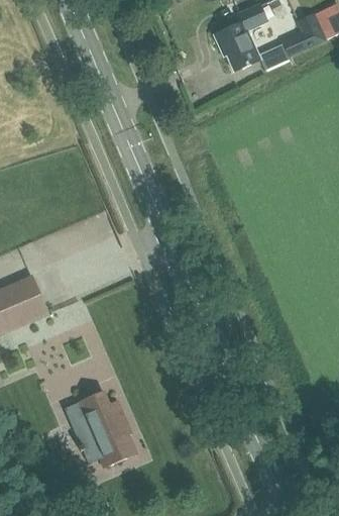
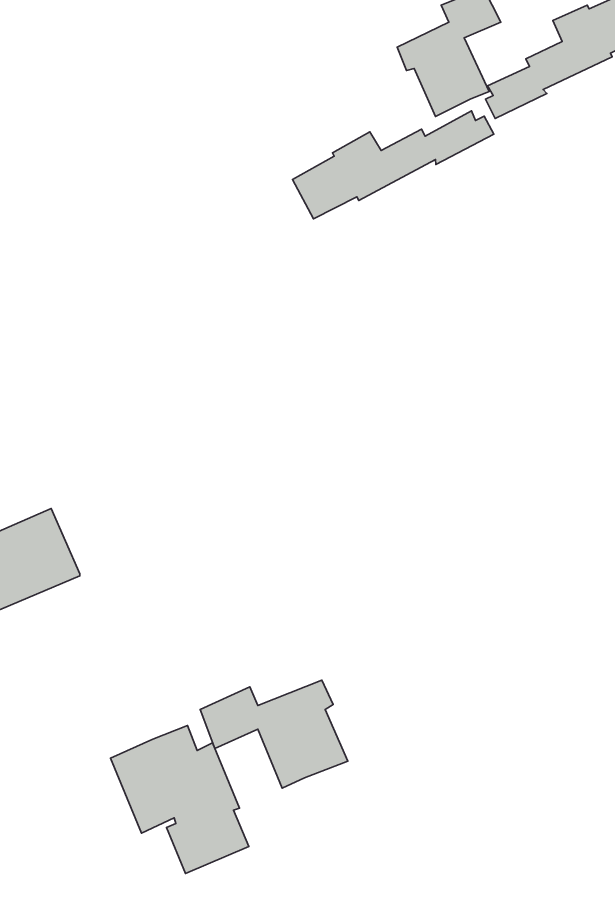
building: none -> [292,111,494,219]
building: none -> [200,680,348,788]

